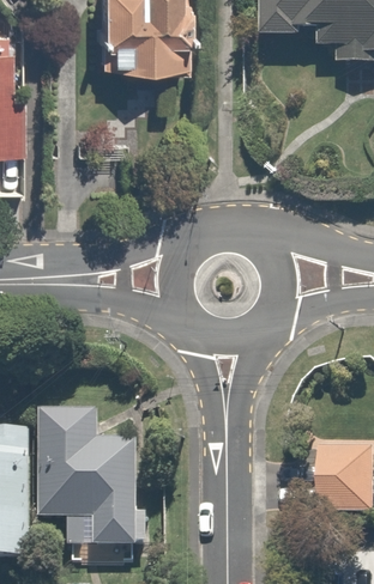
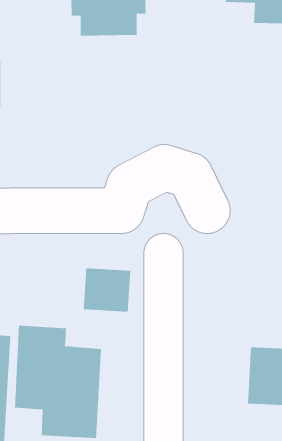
building: none -> [83,268,131,312]

